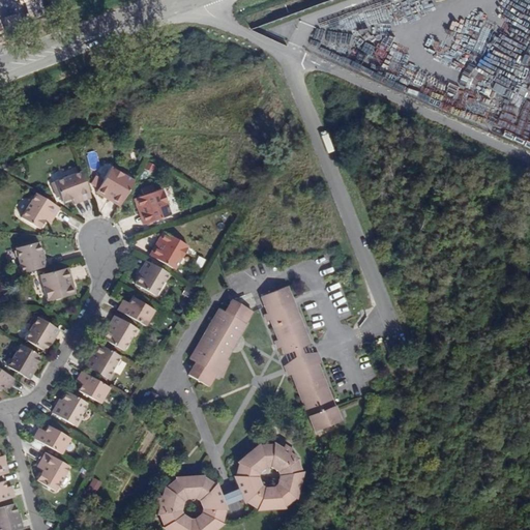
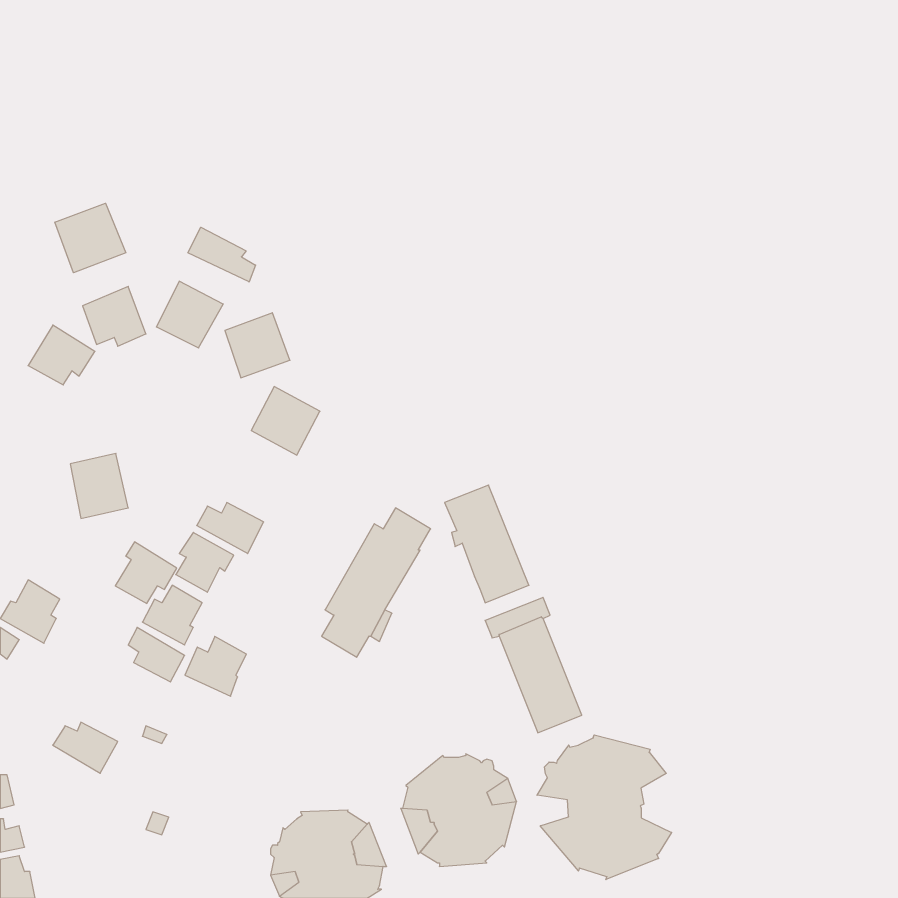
building: none -> [55,203,126,273]
building: none -> [188,227,256,282]
building: [12,240,45,272] -> none
building: [136,260,172,297] -> none
building: [24,314,60,350] -> [115,542,177,603]
building: [50,392,86,428] -> [185,636,246,696]
building: none -> [537,735,672,880]
building: [35,453,68,491] -> none

